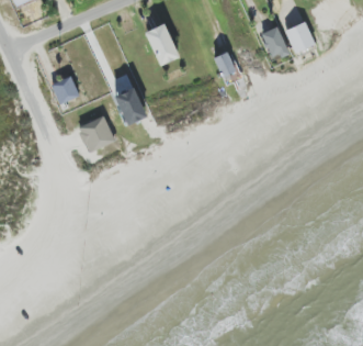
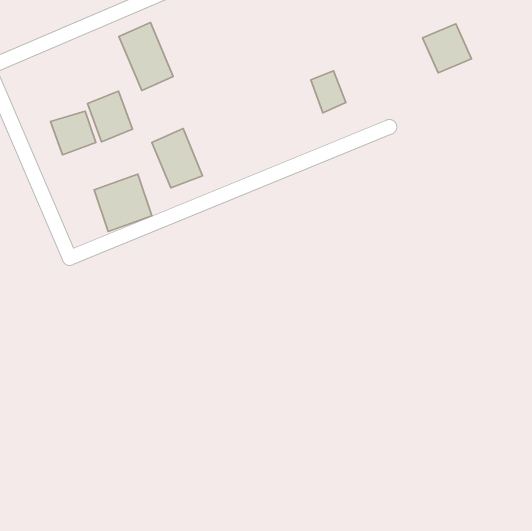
building: [145,23,179,66] -> [119,23,173,91]
building: [261,26,288,60] -> none
building: none -> [87,91,133,142]

